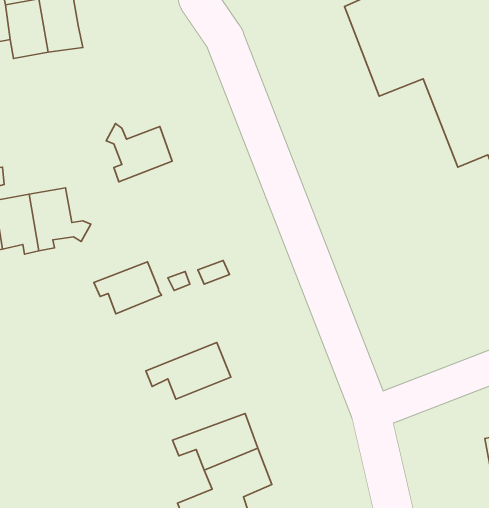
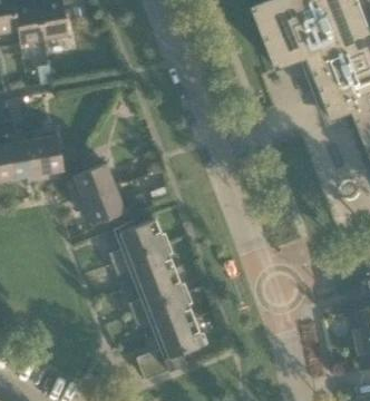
building: [106,123,172,182] -> [67,160,114,202]
building: none -> [108,218,163,264]
building: none -> [128,268,183,313]

